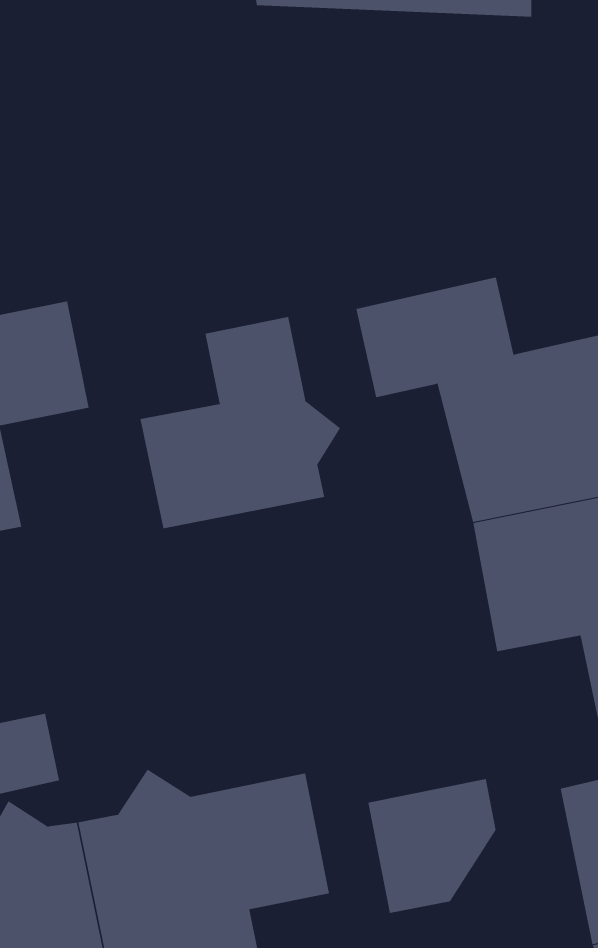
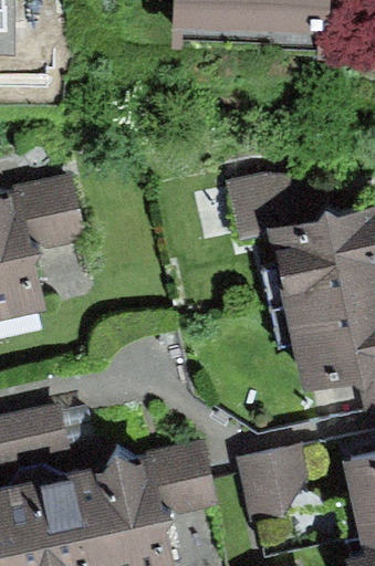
building: [140,316,341,529] -> none

